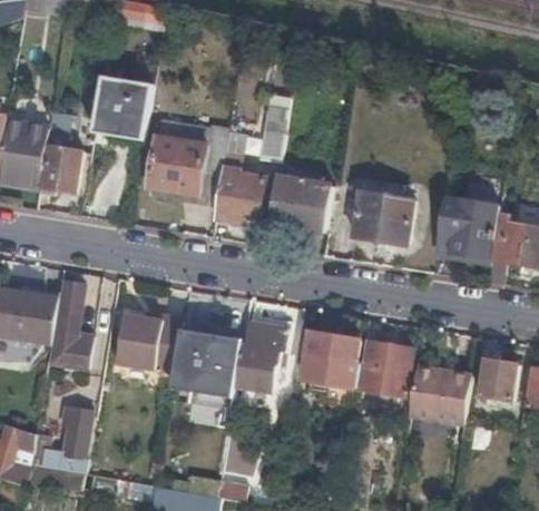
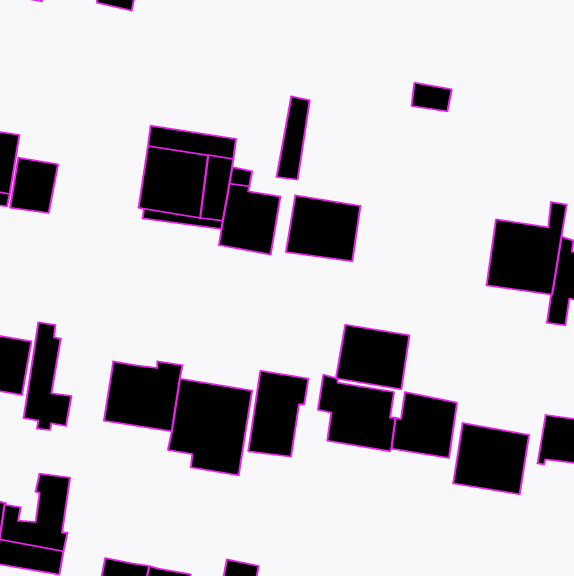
building: [92,76,150,139] -> none
building: [351,190,412,244] -> [336,325,409,389]

